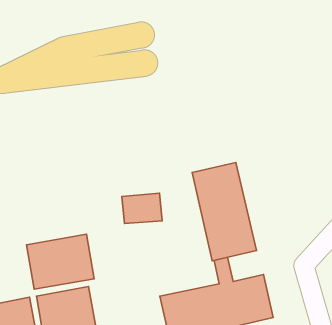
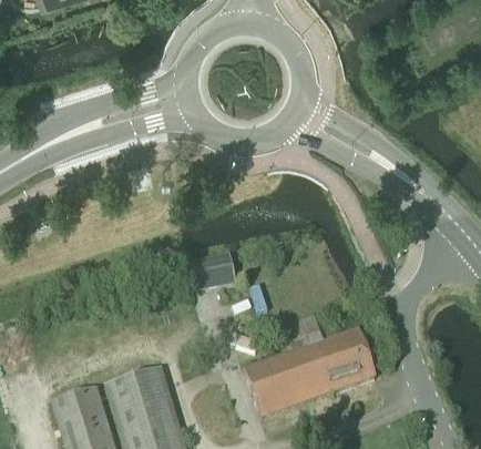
building: [192,163,257,261] -> none
building: [27,234,94,289] -> none

